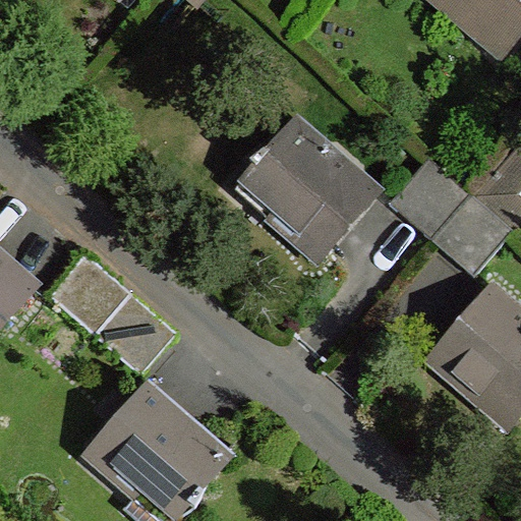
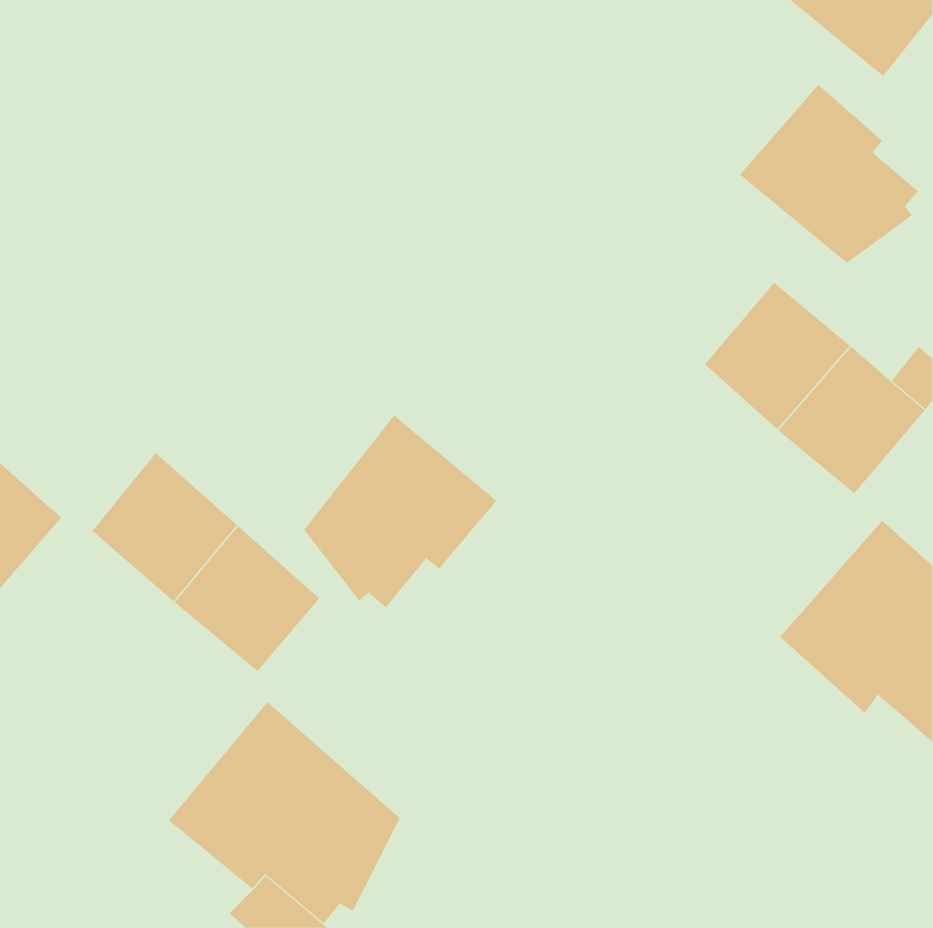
building: none -> [739,84,919,264]
building: [246,124,375,254] -> none
building: none -> [303,414,497,608]

